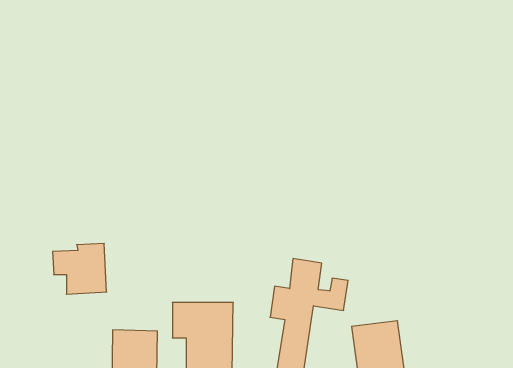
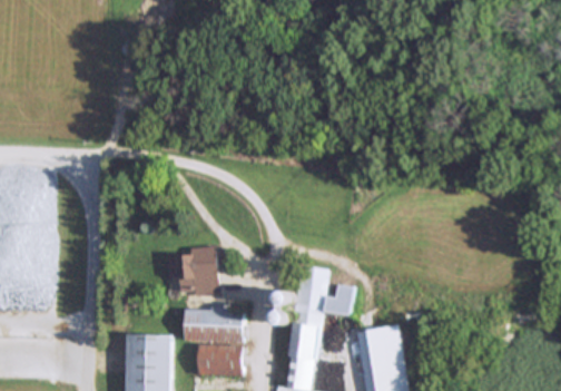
building: [53,244,107,294] -> [166,247,218,296]

